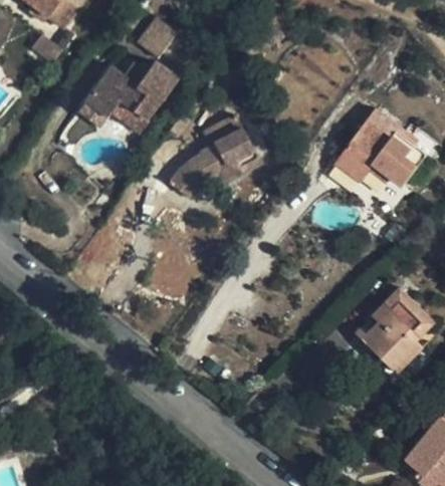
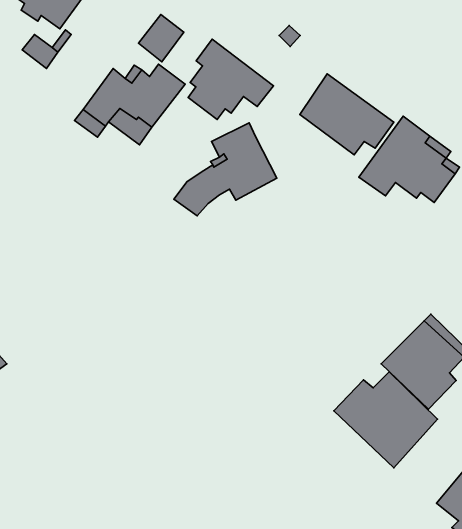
building: none -> [188,39,273,120]
building: none -> [300,74,394,155]
building: none -> [334,372,438,468]

